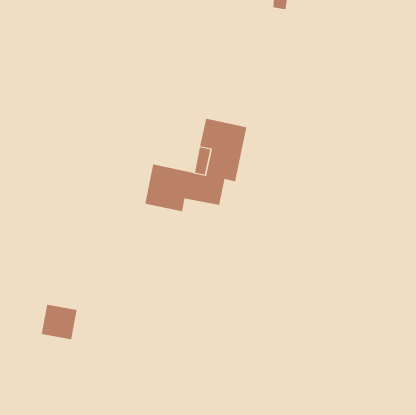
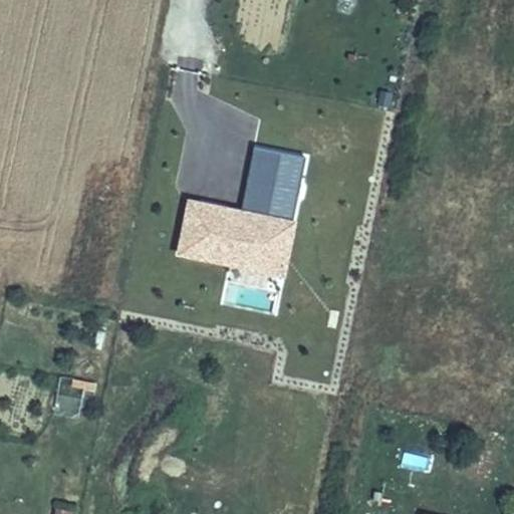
building: none -> [225,221,290,272]

